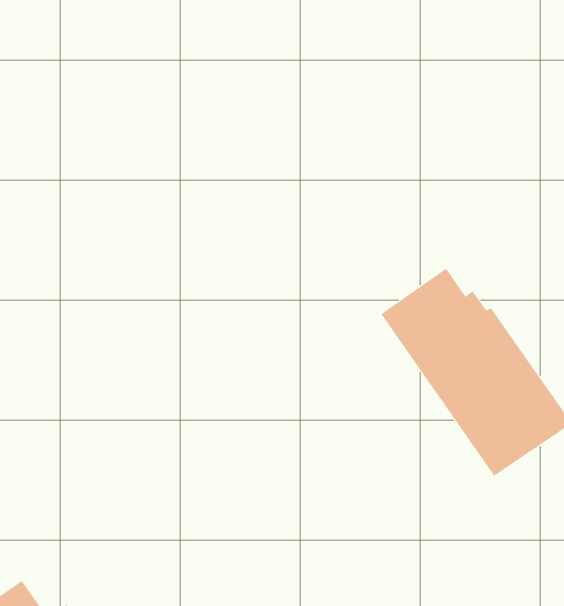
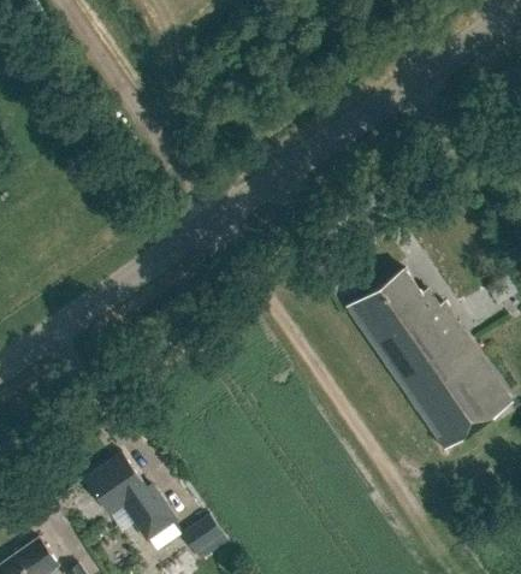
building: none -> [85,452,178,540]
building: none -> [183,513,225,552]

